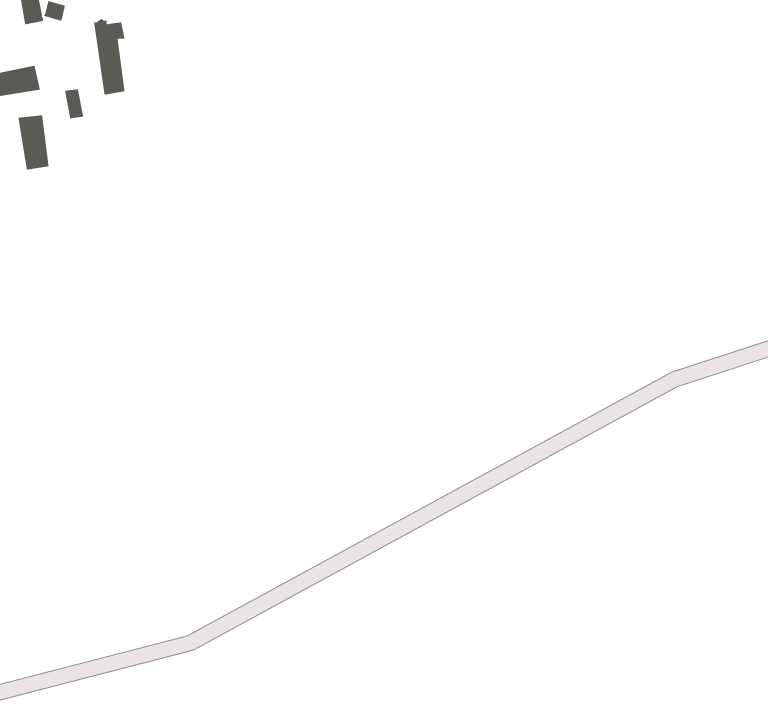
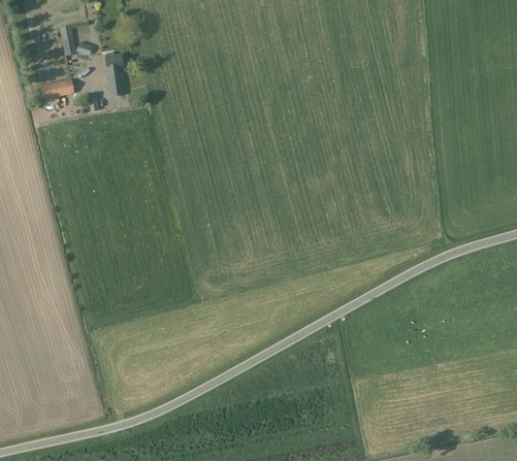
building: [18,114,49,171] -> none

